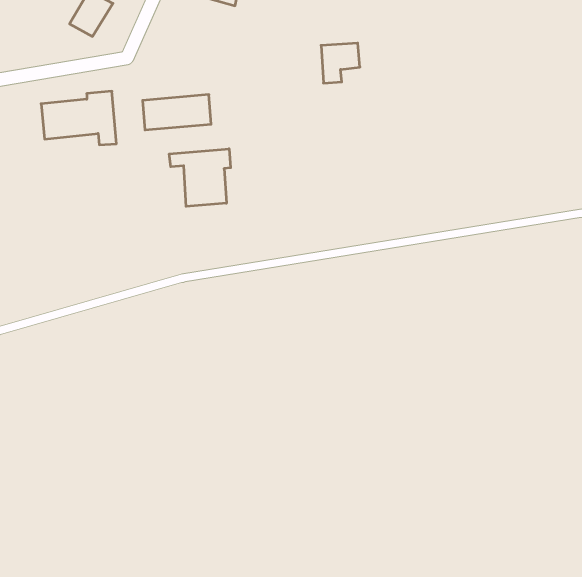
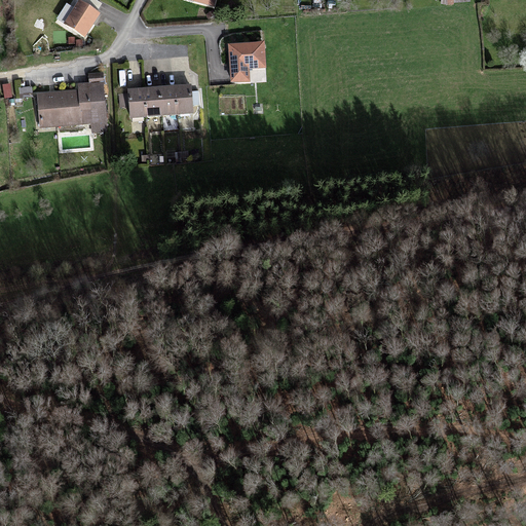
building: [321,43,360,83] -> [229,43,264,79]
building: [169,149,231,206] -> none

